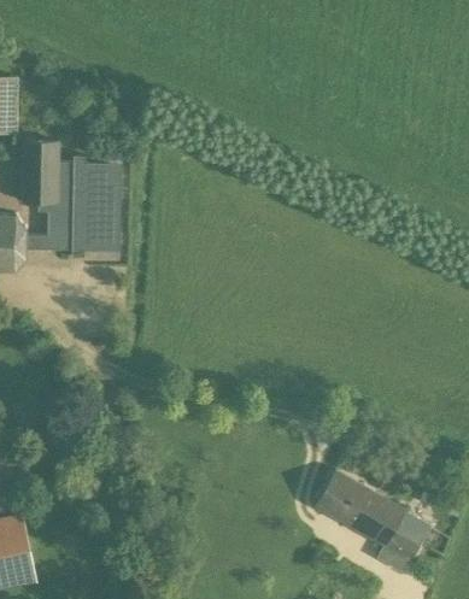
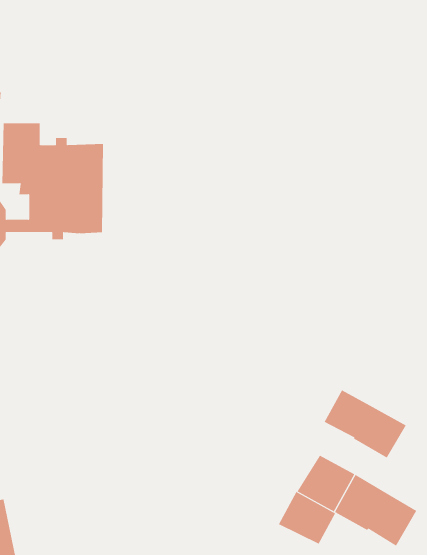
building: none -> [324,390,407,459]
building: none -> [278,491,336,544]

